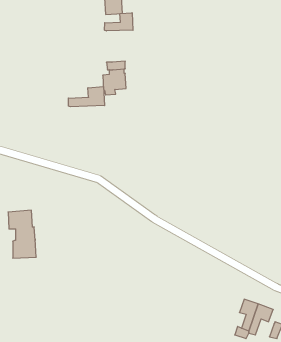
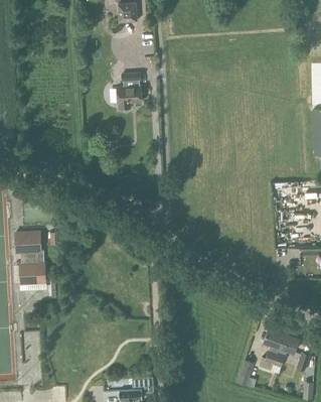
building: [105,13,133,31] -> none
building: [68,87,105,107] -> none

